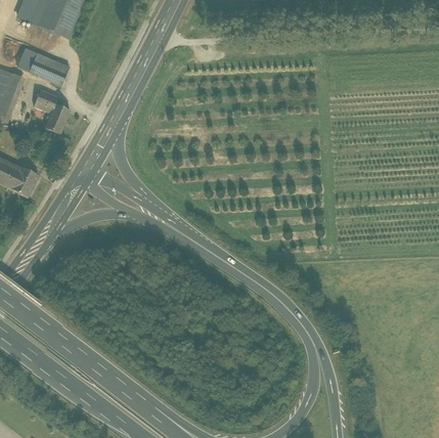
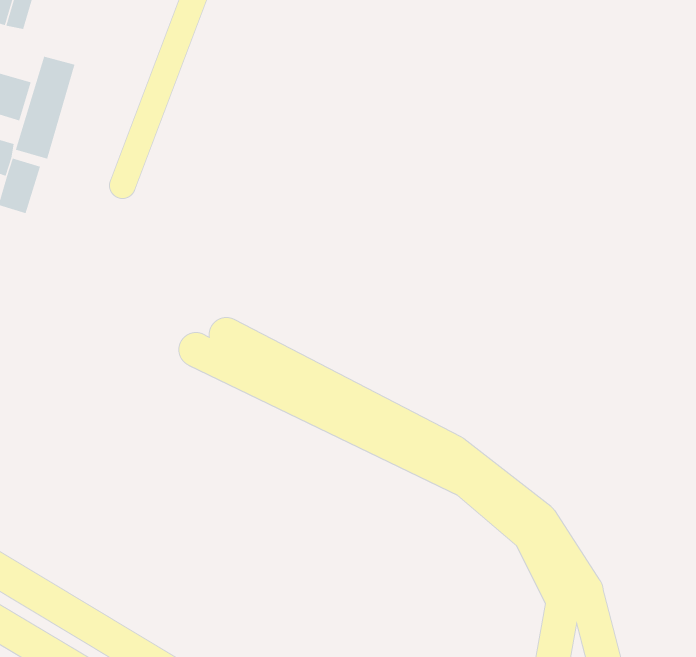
building: none -> [15,56,75,160]

